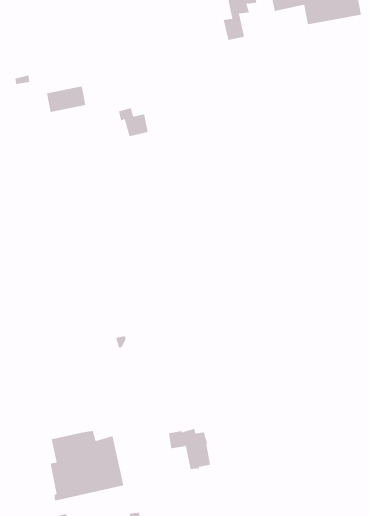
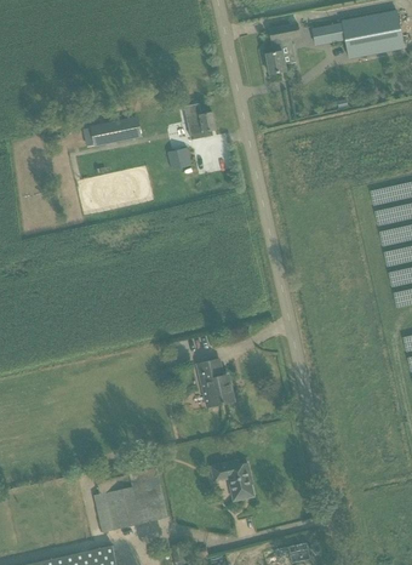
building: none -> [187,113,216,139]
building: none -> [196,360,233,409]

